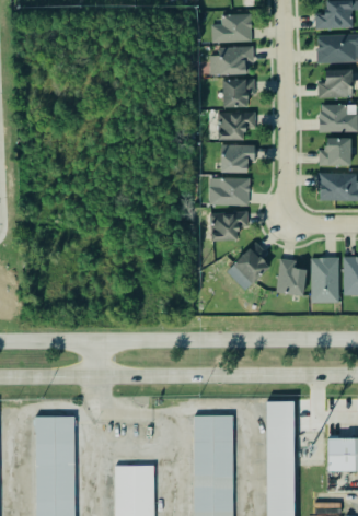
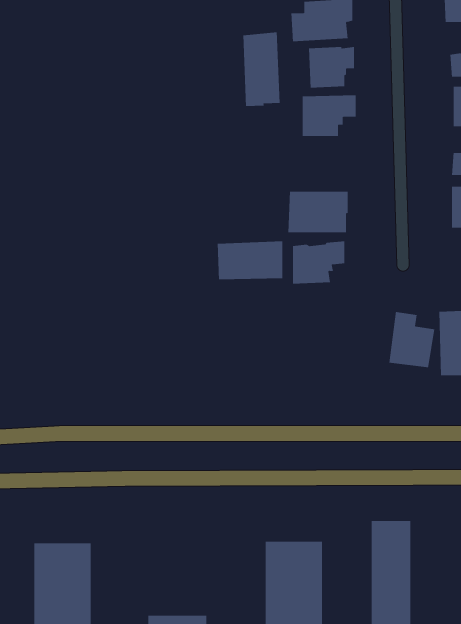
building: none -> [243,31,280,107]
building: [220,142,255,171] -> none
building: none -> [217,241,283,280]
building: [228,247,268,289] -> none

